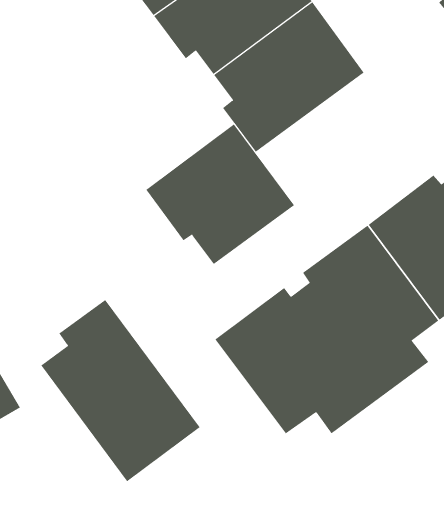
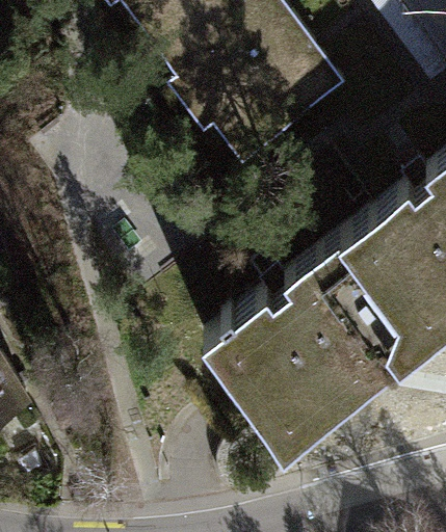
building: [145,124,295,265] -> none
building: [41,299,201,482] -> none

